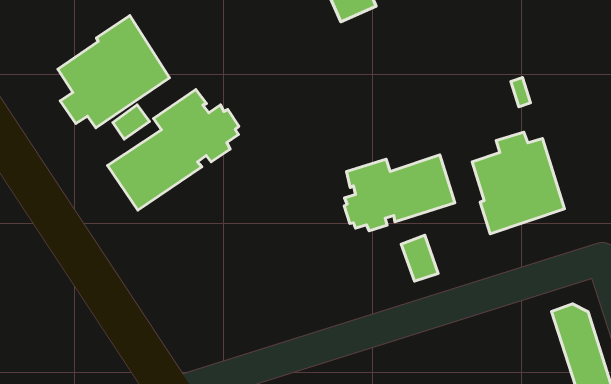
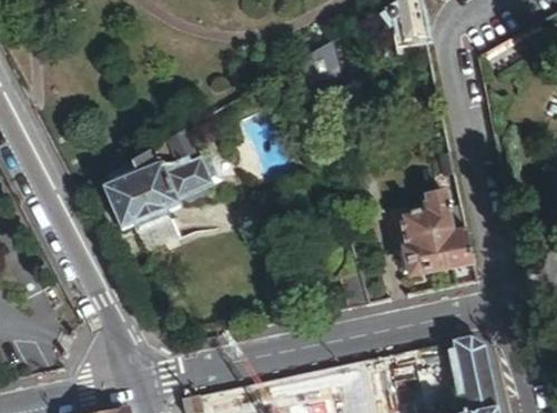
building: [58,15,170,128] -> none
building: [344,155,455,231] -> none

